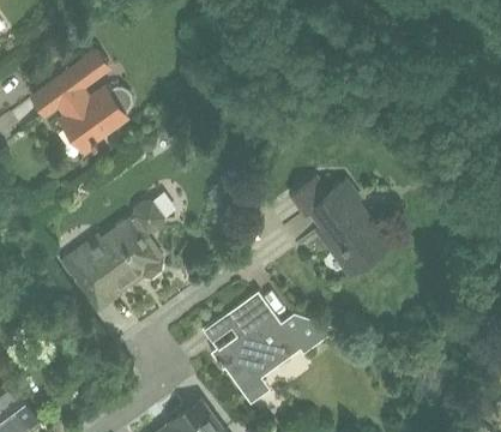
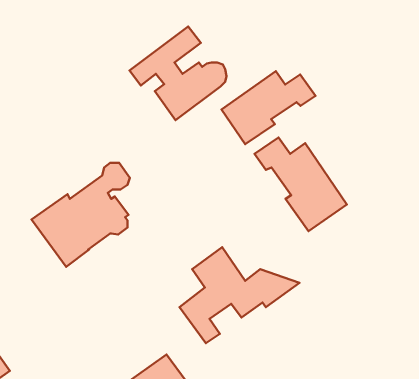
building: [32,53,133,150] -> [129,27,226,120]
building: none -> [221,71,316,144]

